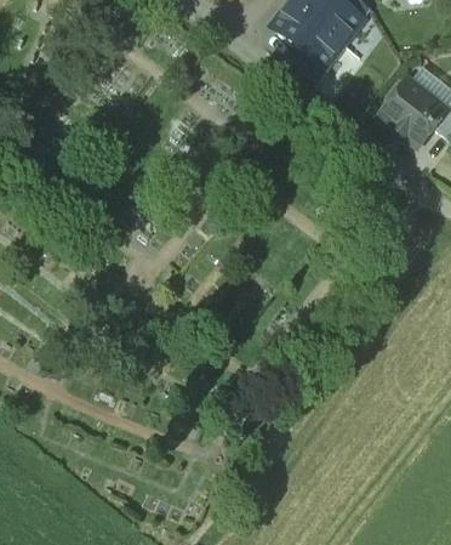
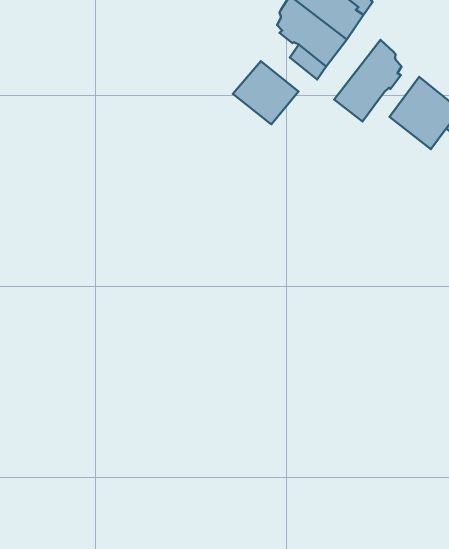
building: none -> [334,40,401,122]
building: none -> [233,61,299,124]

